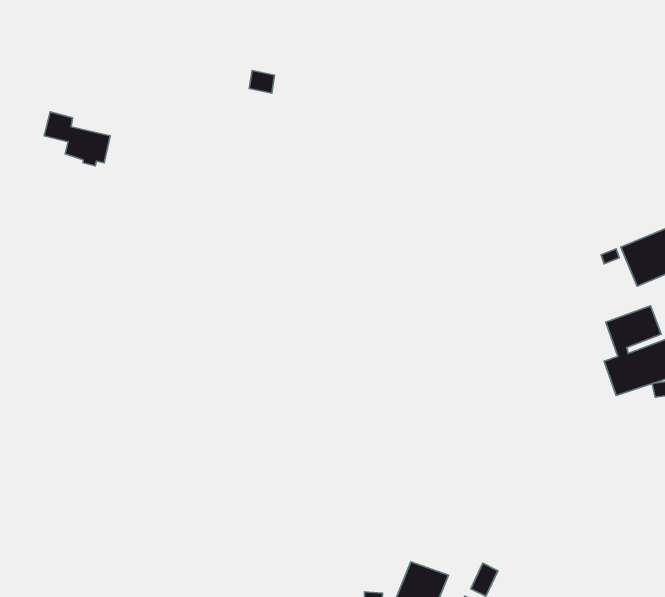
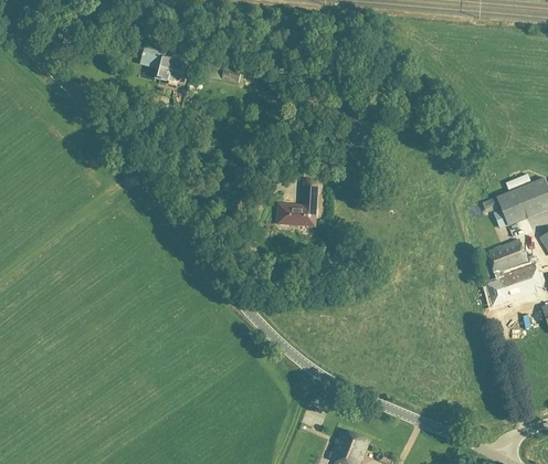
building: [44,112,110,166] -> [140,46,189,86]
building: none -> [277,179,319,224]

